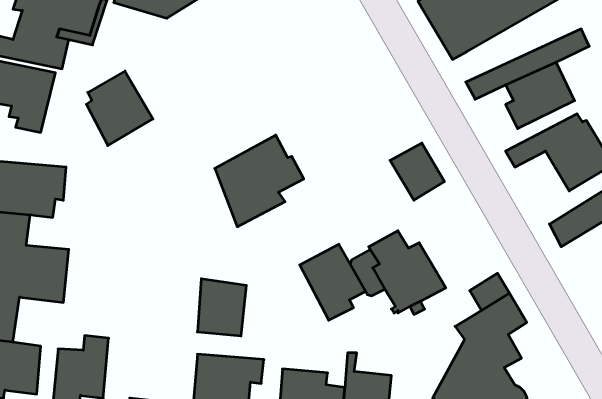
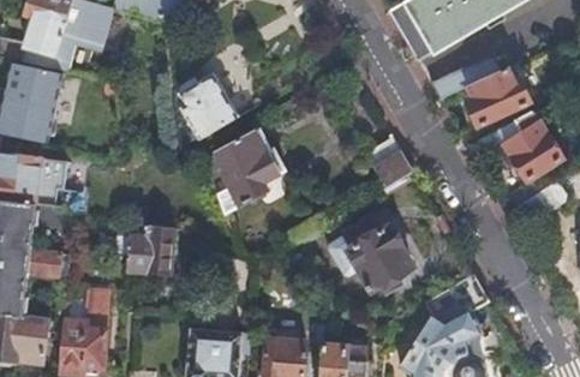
building: [86,71,153,146] -> [178,71,238,138]
building: [300,244,366,320] -> none
building: [197,279,246,336] -> [127,221,172,273]

